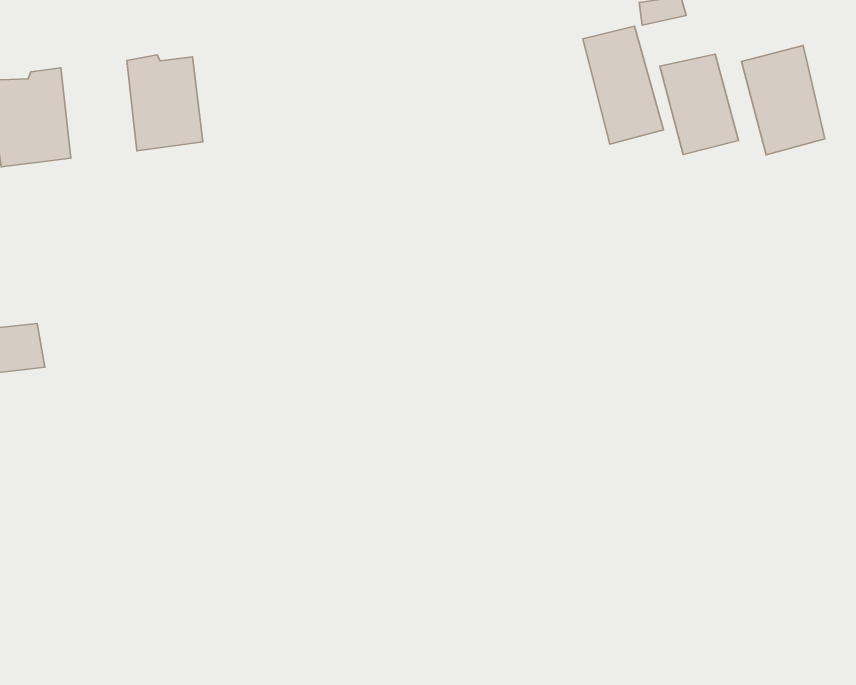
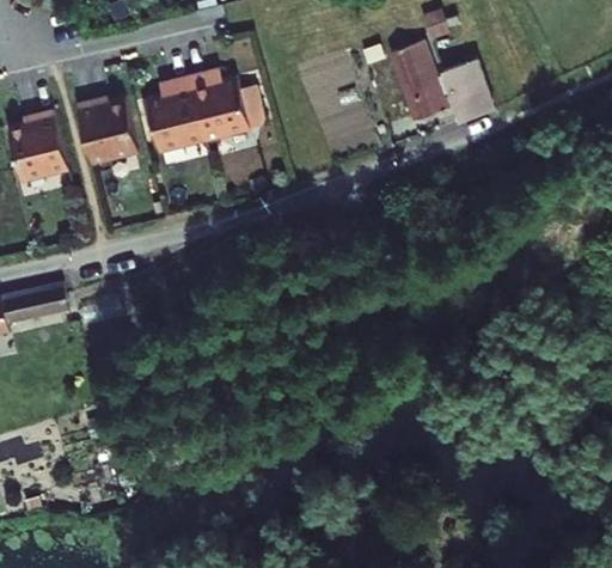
building: none -> [142,74,252,153]
building: [742,46,825,155] -> none

